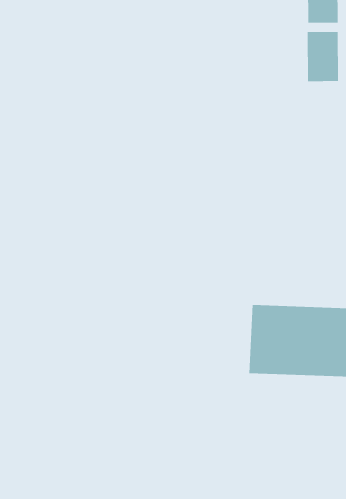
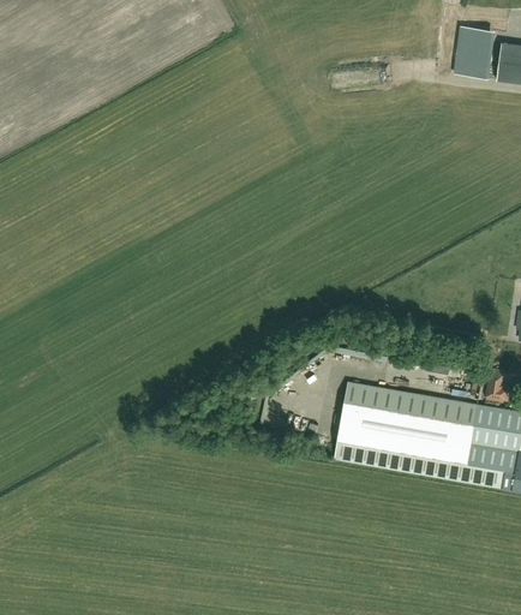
building: [307,31,339,82] -> none

